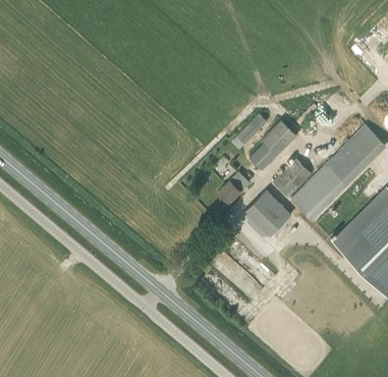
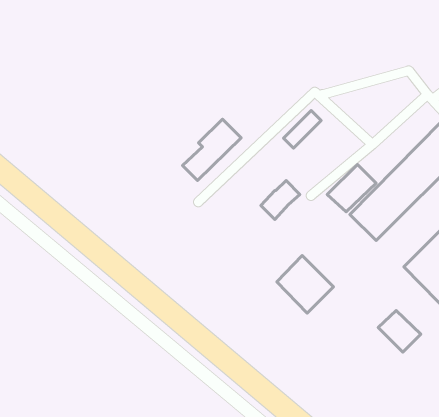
building: [247,121,295,171] -> [182,119,241,180]
building: [244,190,290,236] -> [277,256,333,313]
building: none -> [378,311,421,352]

